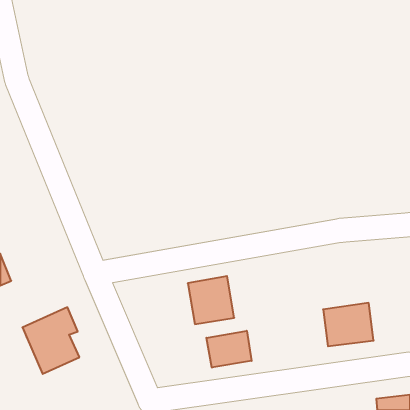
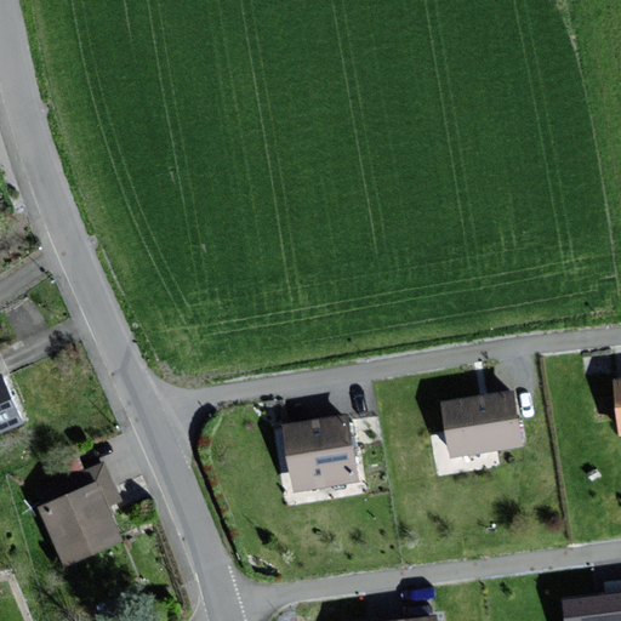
building: [323,303,374,346] -> [440,391,517,456]
building: [206,331,252,368] -> none

